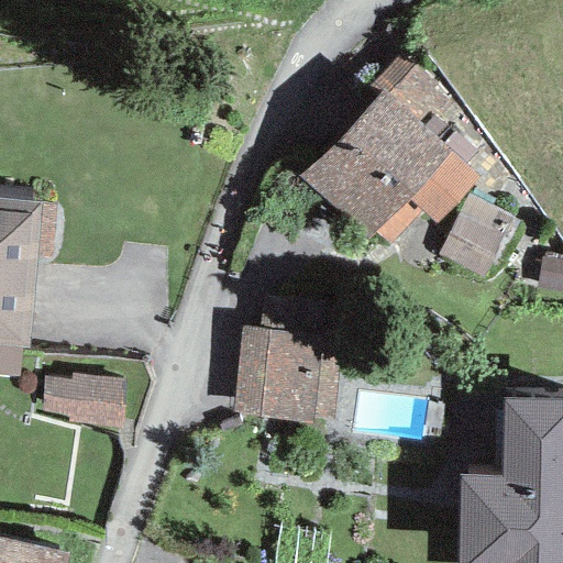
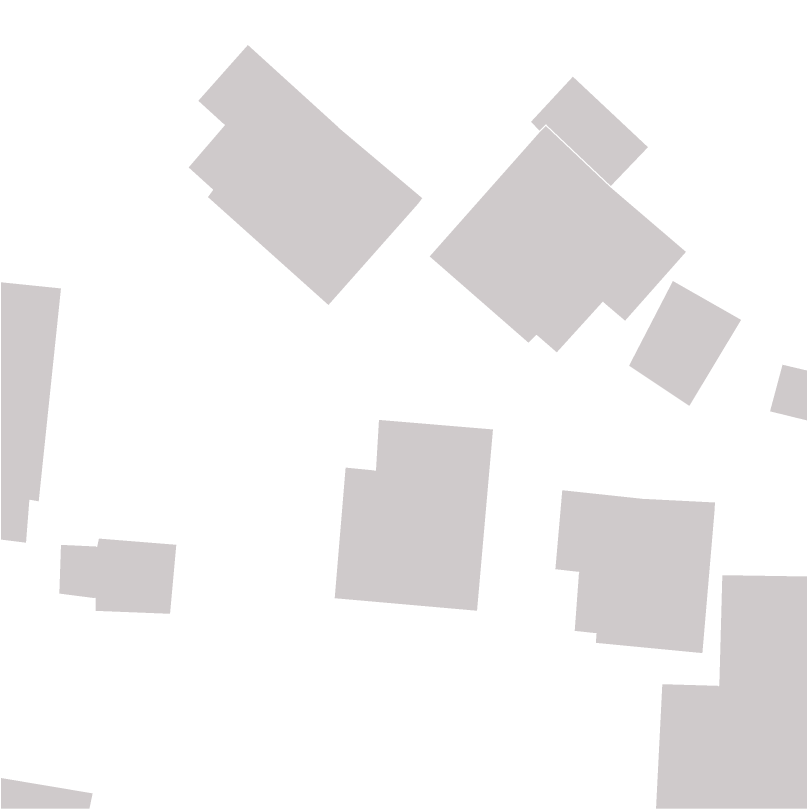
building: none -> [188,44,423,306]
building: none -> [555,490,715,654]

